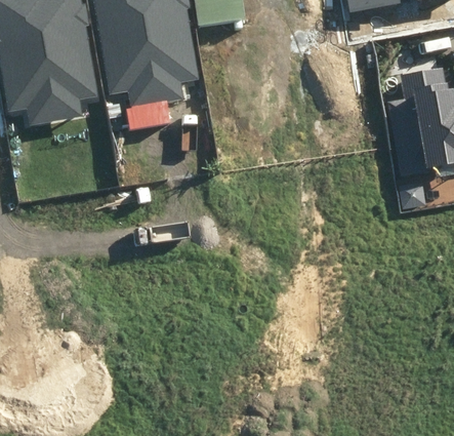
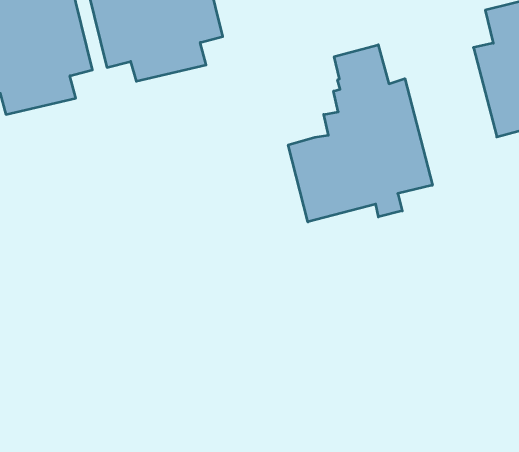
building: none -> [288,45,432,222]

